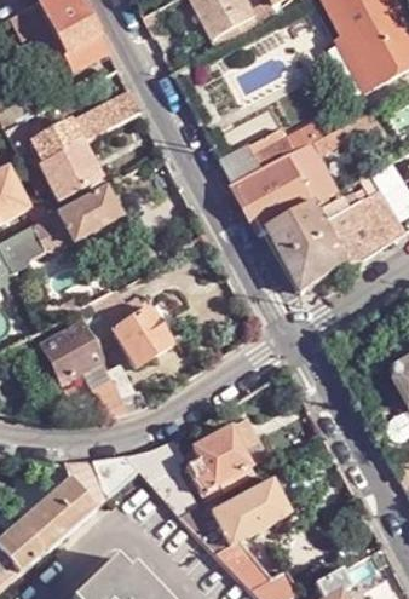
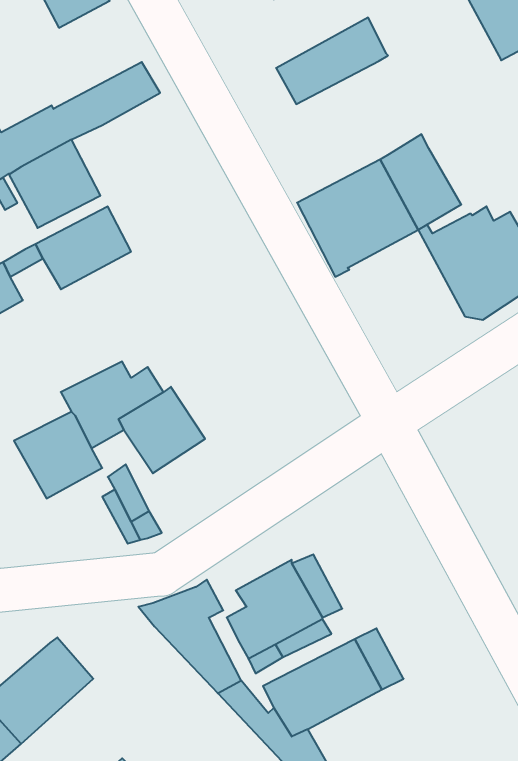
building: [219,126,294,184] -> [276,18,388,104]
building: [266,202,345,292] -> none
building: [71,455,137,503] -> none

